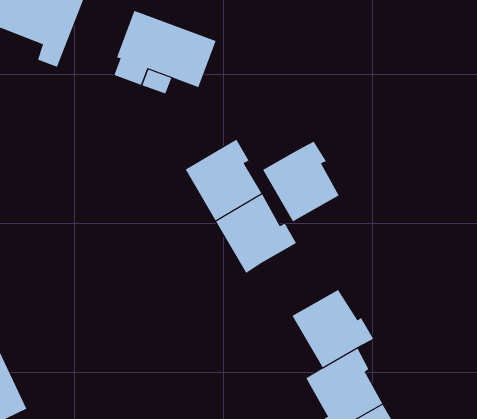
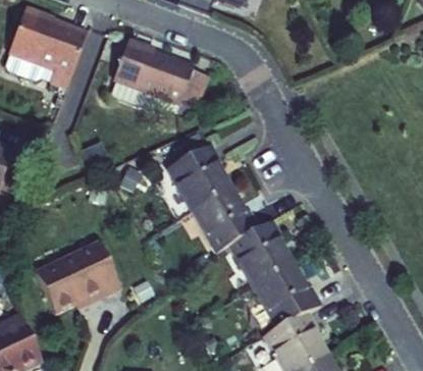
building: [262,141,340,222] -> [229,221,292,286]
building: none -> [36,242,121,313]

